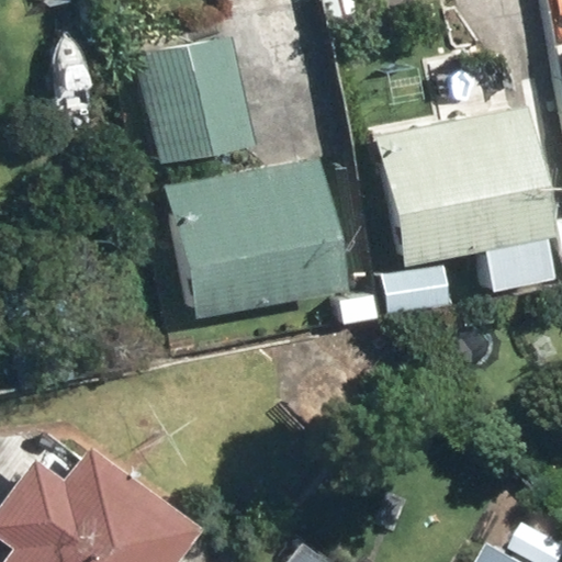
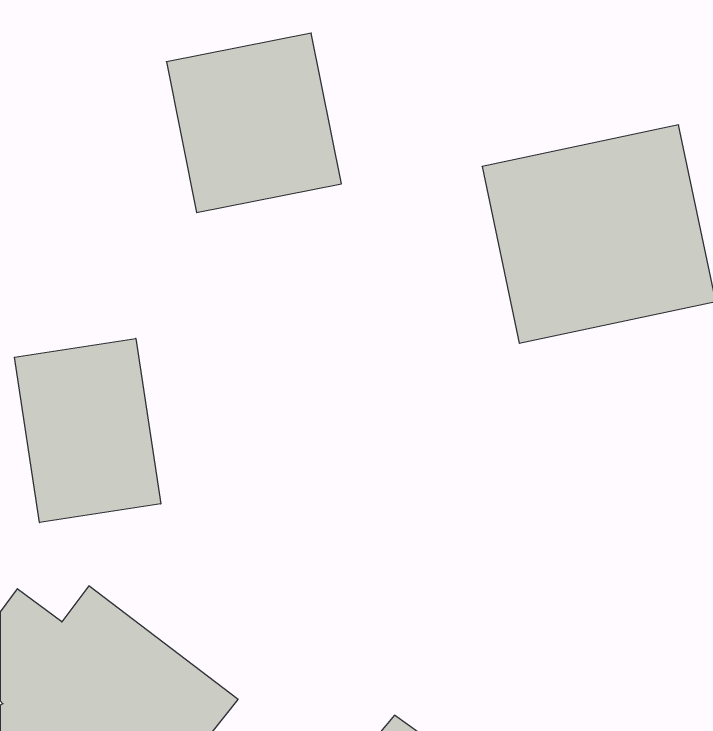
building: [165,168,336,319] -> none
building: none -> [14,338,161,523]

